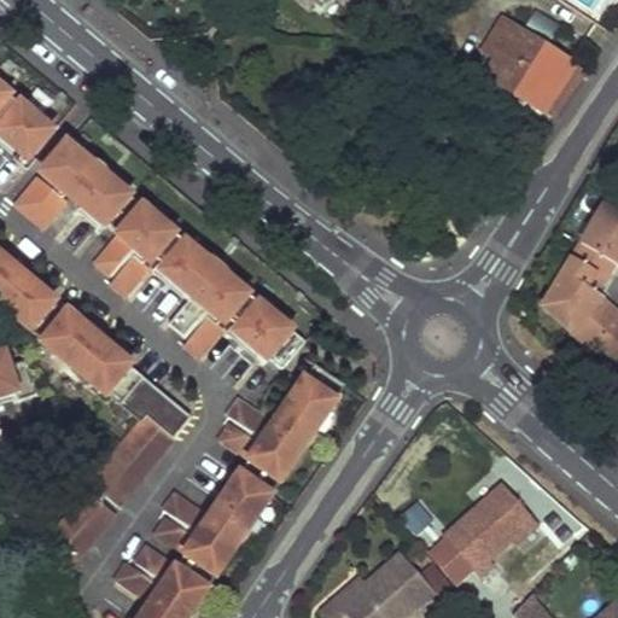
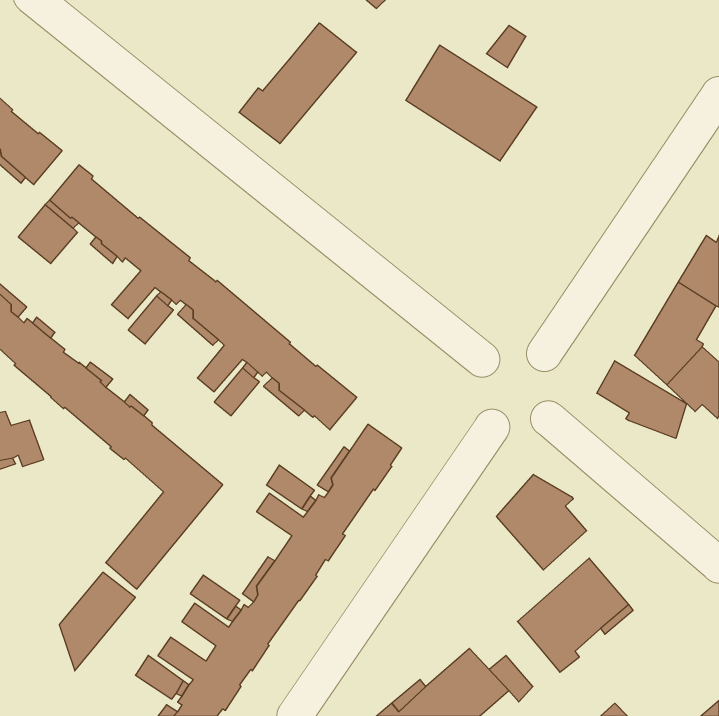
building: [473,17,585,116] -> [406,45,537,161]
building: none -> [239,23,357,144]
building: none -> [597,361,687,438]
building: none -> [497,474,587,570]

